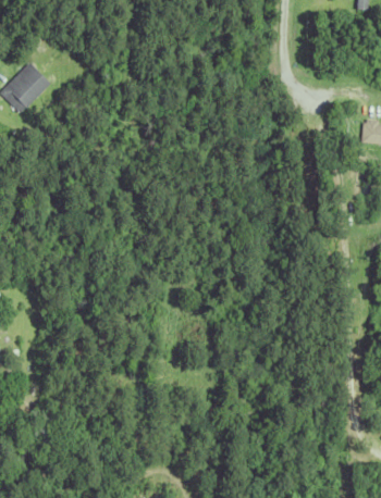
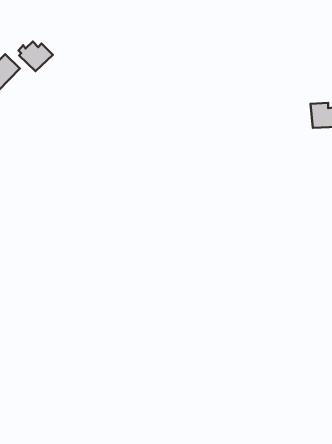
building: none -> [18,41,53,71]

